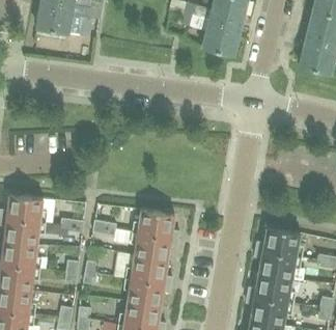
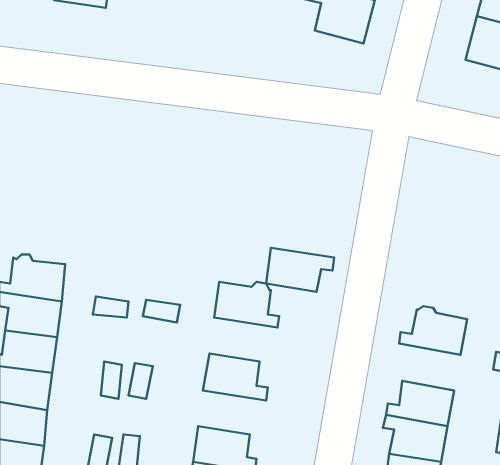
building: [135,231,178,259] -> [266,248,334,292]
building: [254,248,296,278] -> none
building: [128,278,171,306] -> none

